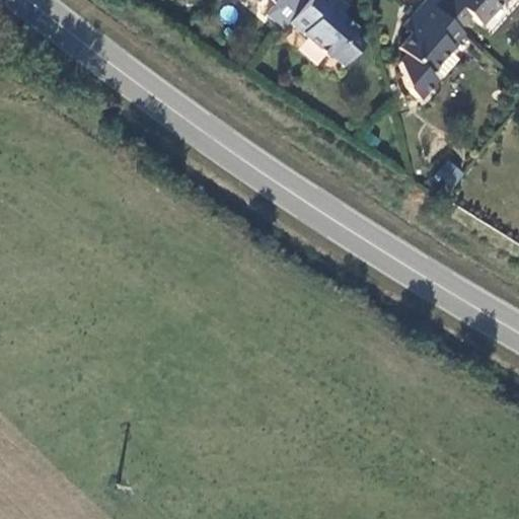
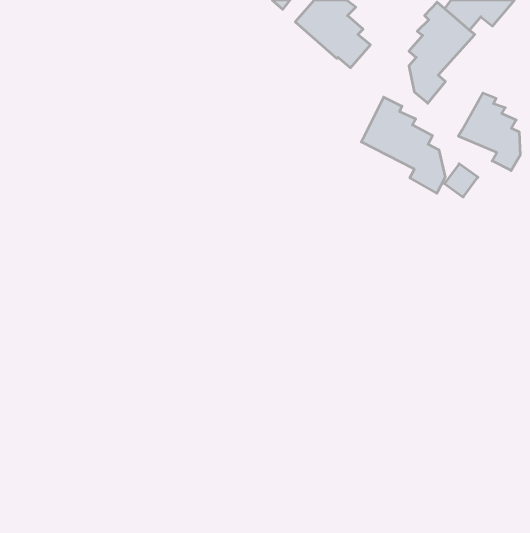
building: none -> [458,93,520,171]
building: none -> [361,97,445,193]

